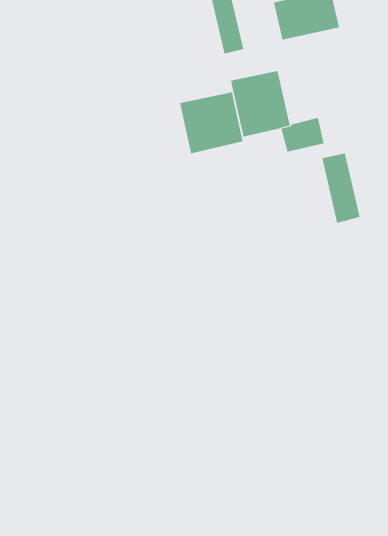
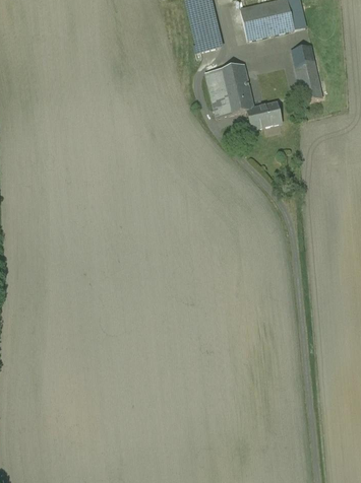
building: [179,91,243,154] -> none
building: [321,153,361,224] -> [292,44,323,100]

